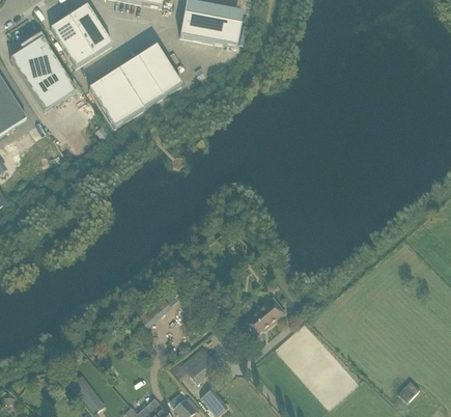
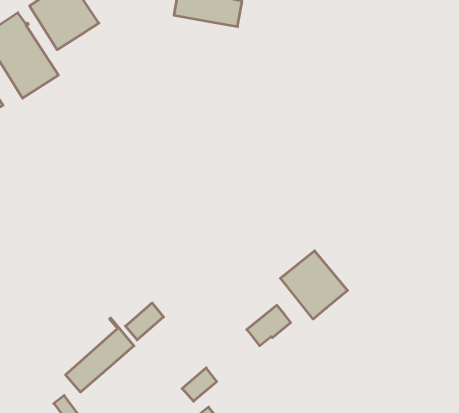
building: [89,43,181,126] -> none
building: none -> [280,251,348,319]
building: none -> [66,318,134,392]

